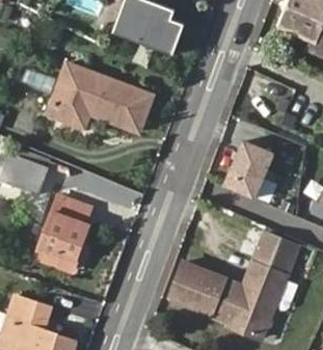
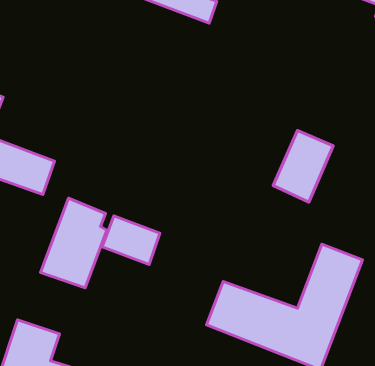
building: [37,60,153,132] -> none
building: none -> [102,216,160,265]

